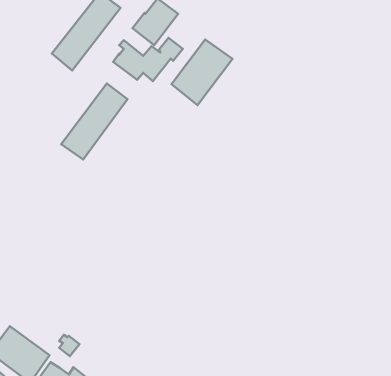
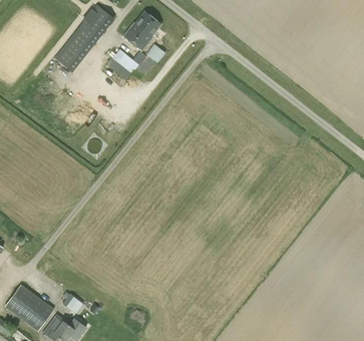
building: [171,40,232,105] -> none
building: [61,83,127,159] -> none

